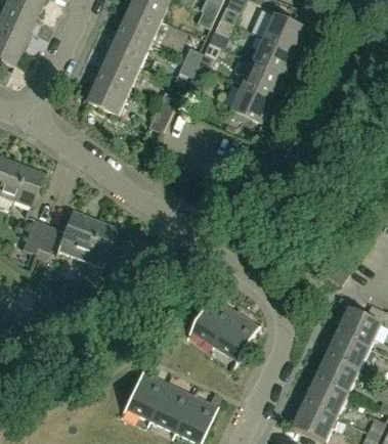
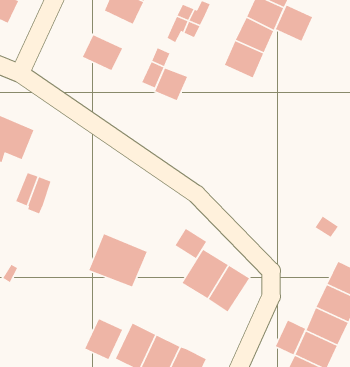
building: none -> [275,4,313,42]
building: [99,53,140,91] -> none
building: none -> [154,67,188,101]
building: [54,211,115,266] -> [88,233,148,288]
building: none -> [174,228,207,259]
building: none -> [84,318,123,360]
building: none -> [275,320,306,355]

